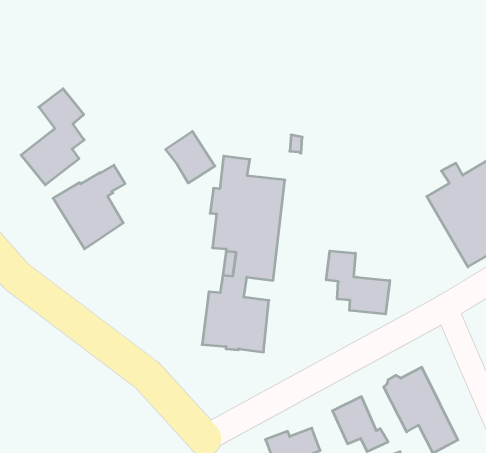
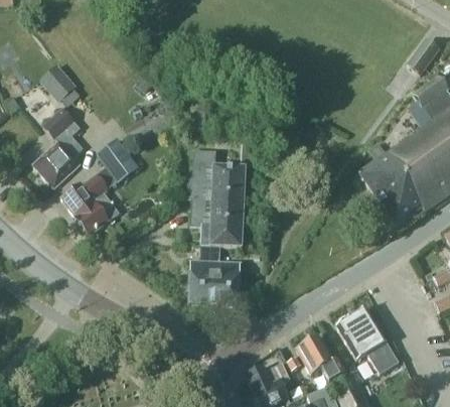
building: none -> [42,63,77,100]
building: [166,131,215,183] -> [98,139,138,180]
building: [326,251,390,314] -> none

